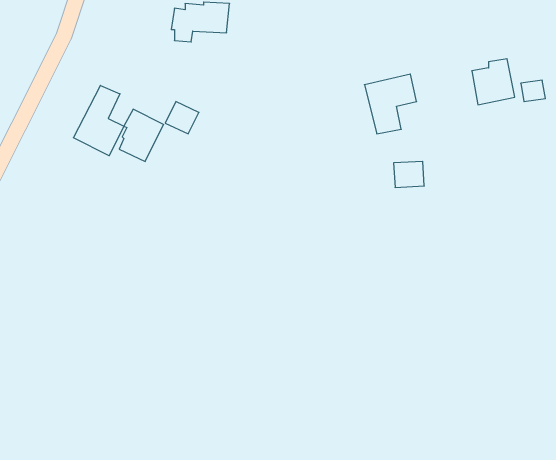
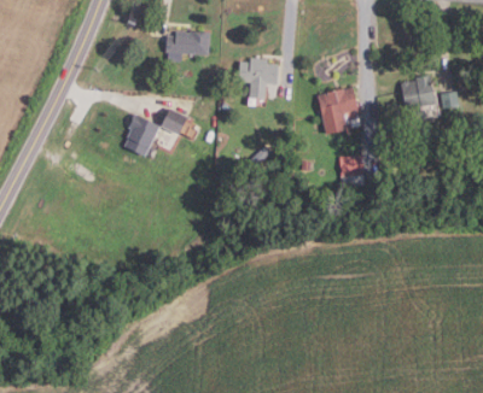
building: none -> [238,58,279,99]
building: [73,85,124,156] -> none

